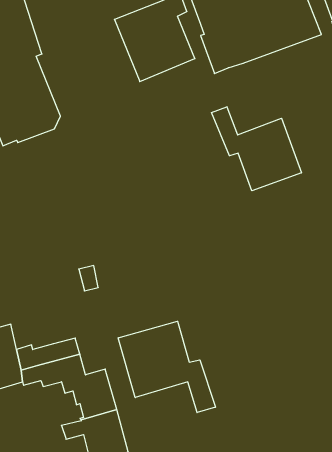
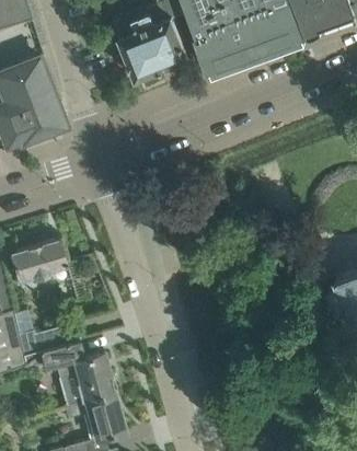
building: [212,107,301,191] -> none
building: none -> [10,241,68,287]
building: [118,321,215,413] -> none

